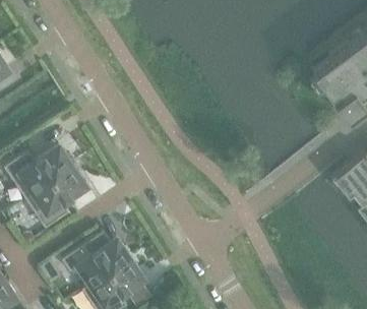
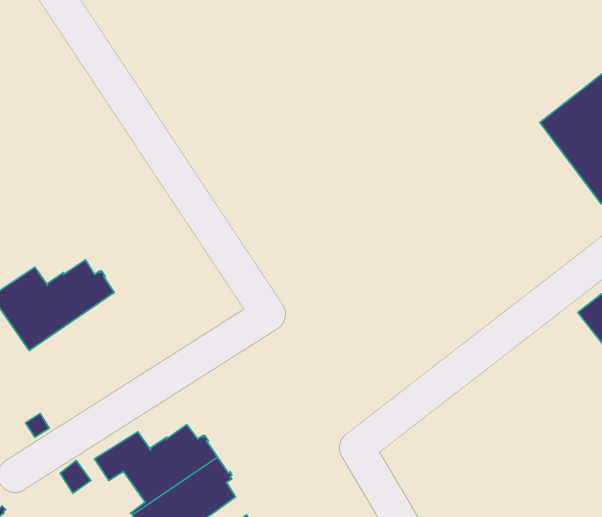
building: [25,166,83,229] -> none

